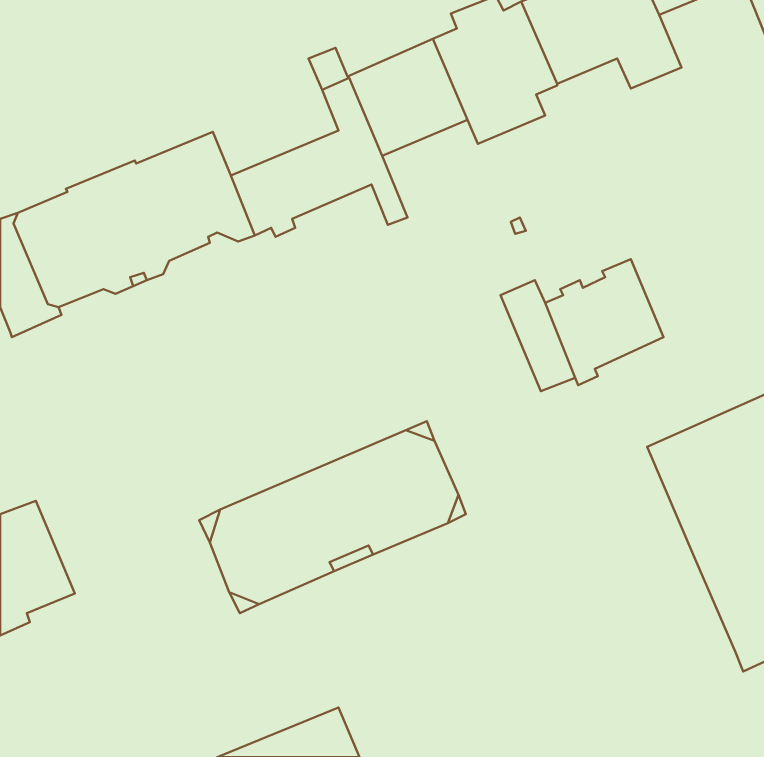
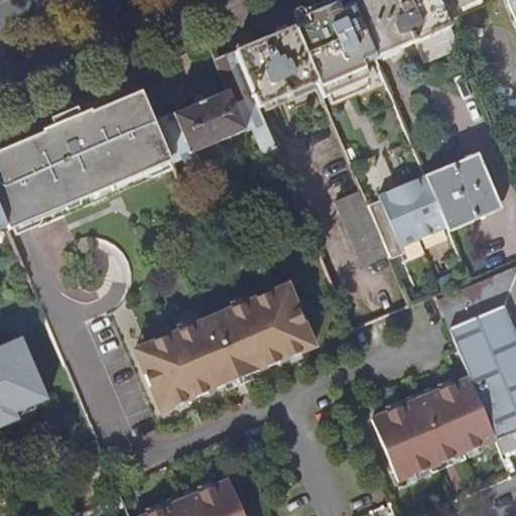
building: none -> [425,152,501,229]
building: none -> [371,376,496,480]

